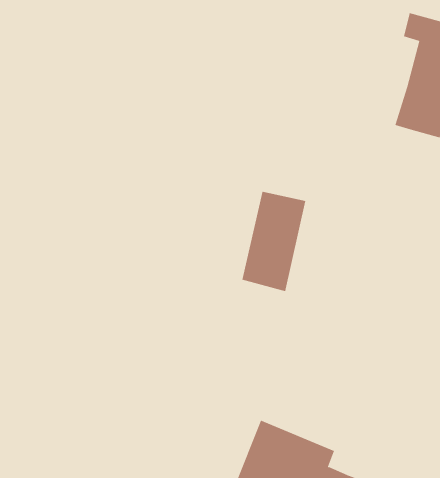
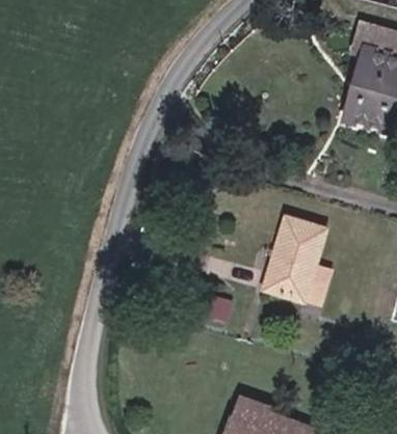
building: [241,191,306,292] -> [271,219,327,306]

